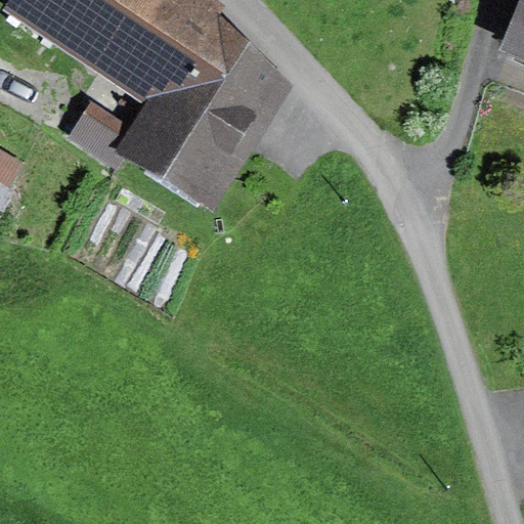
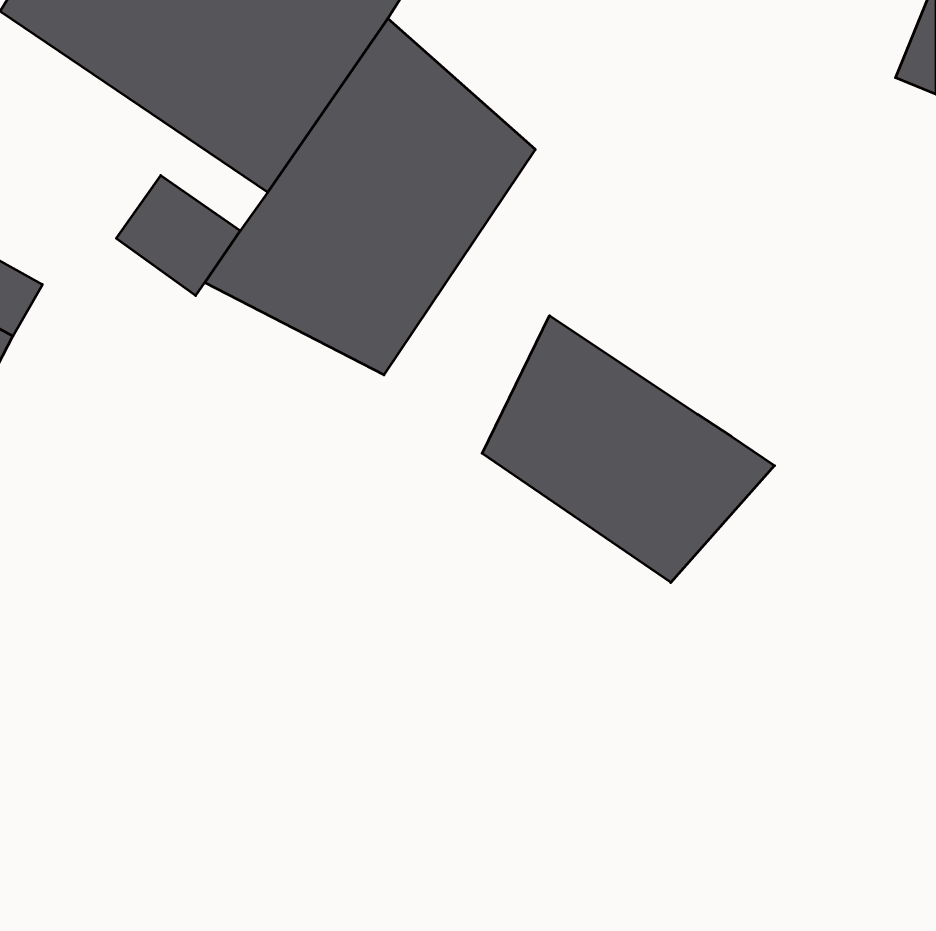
building: none -> [482,316,775,583]

